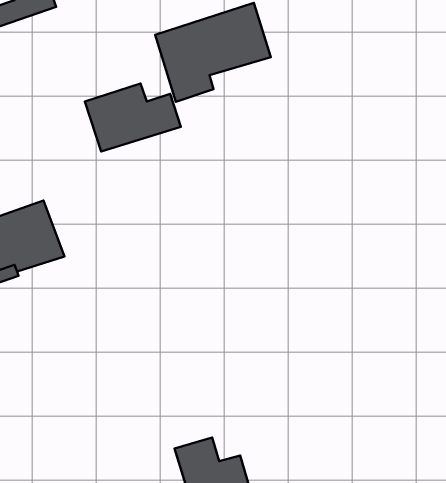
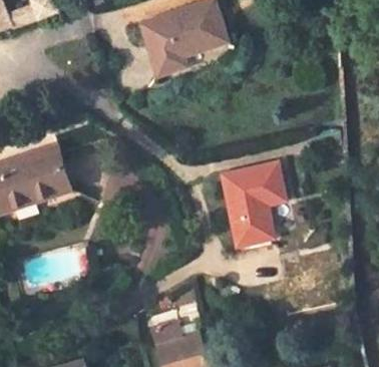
building: [85,83,181,152] -> none
building: none -> [221,164,281,244]

